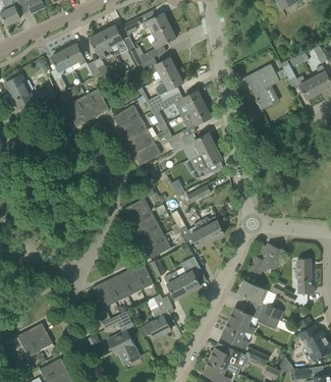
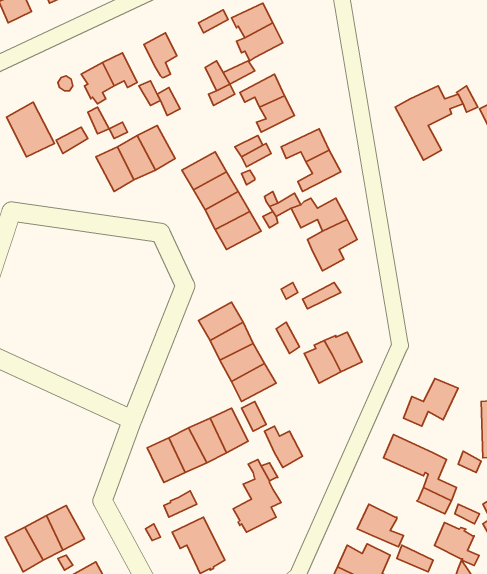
building: [103,25,128,56] -> none
building: [176,257,202,292] -> none
building: [228,308,256,334] -> [435,522,479,565]

